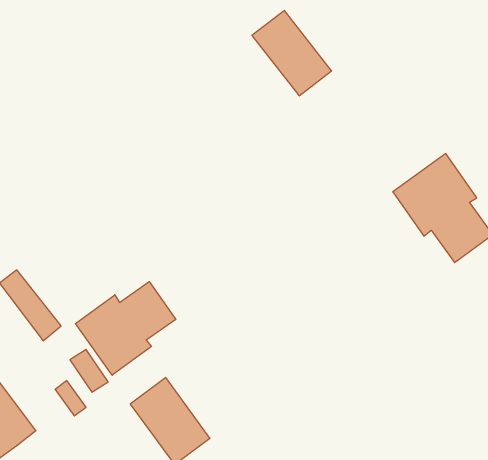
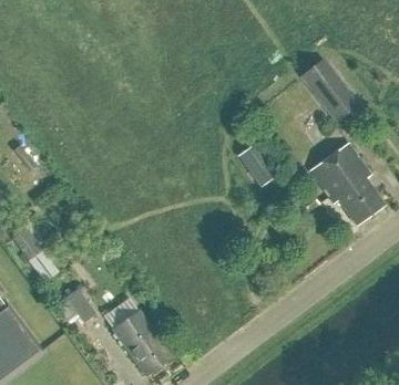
building: [252,10,332,96] -> [299,59,359,123]
building: none -> [238,144,276,187]
building: [75,282,176,375] -> none

